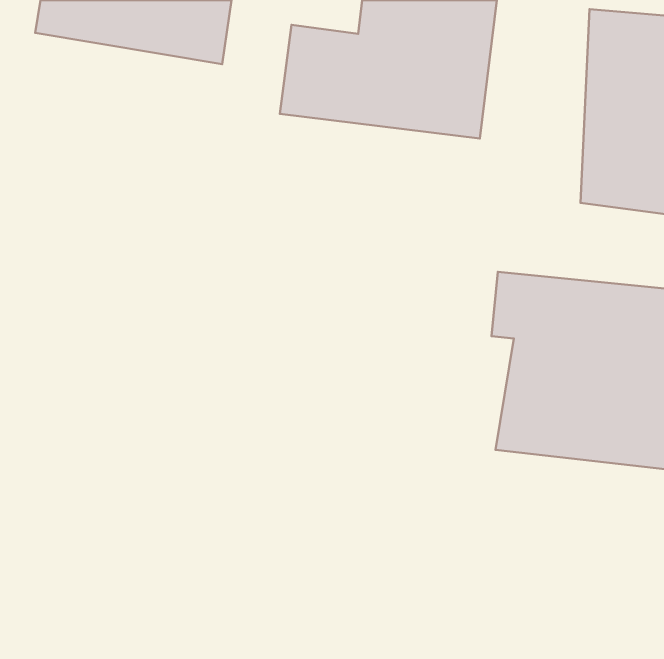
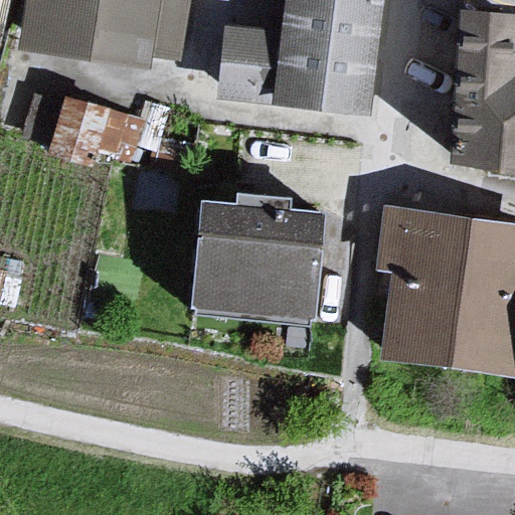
building: none -> [52,92,133,159]
building: none -> [190,201,314,317]

